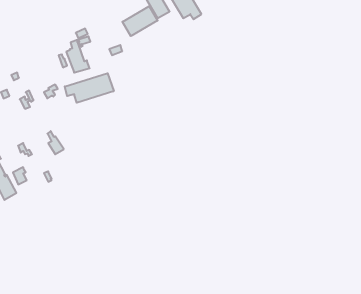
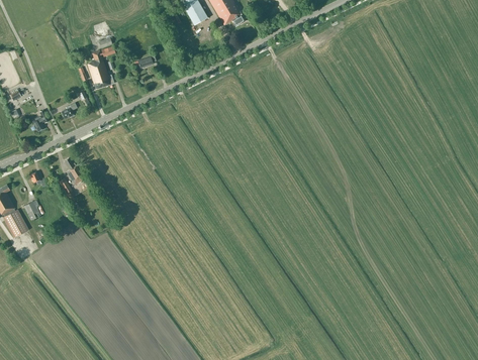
building: [122,6,158,36] -> none
building: [65,73,114,103] -> none

